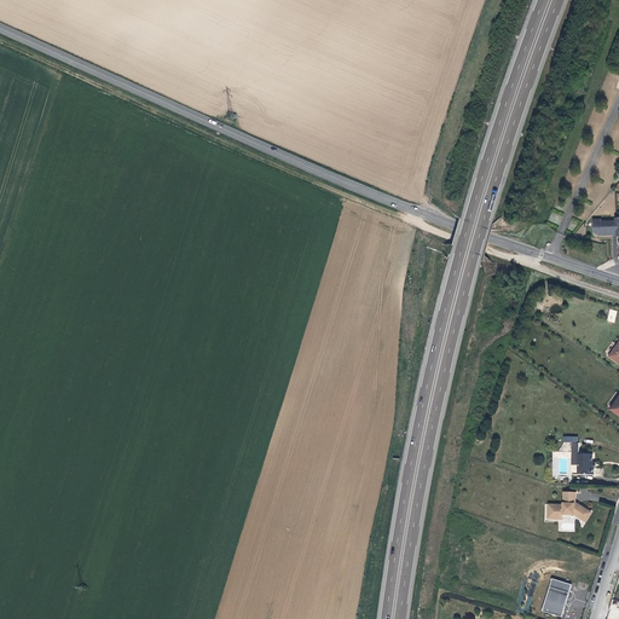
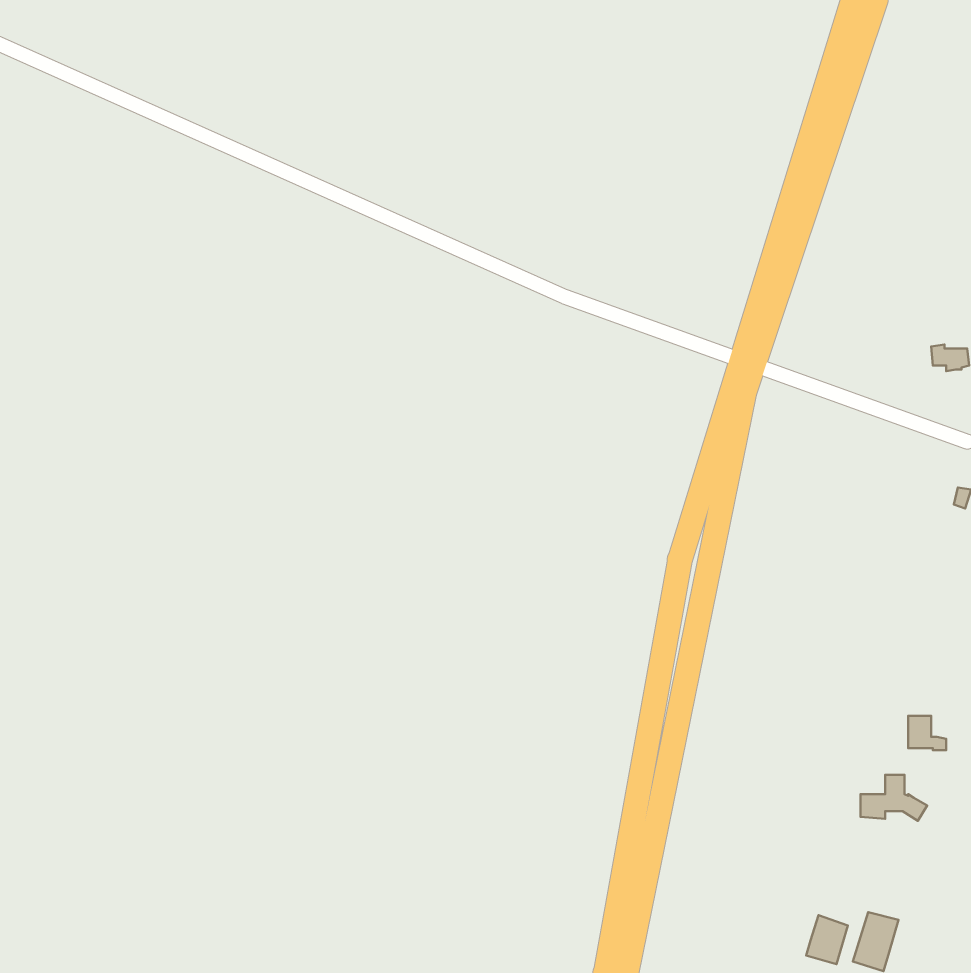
building: none -> [806,915,848,964]

